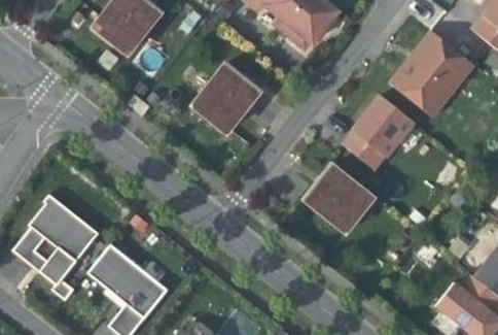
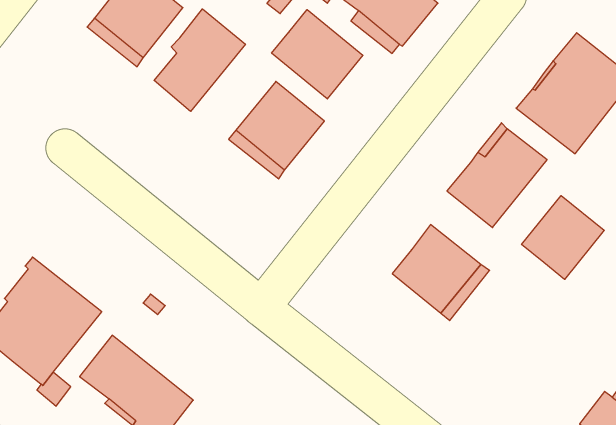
building: none -> [154,9,245,111]
building: none -> [272,10,363,99]
building: none -> [522,196,604,279]

